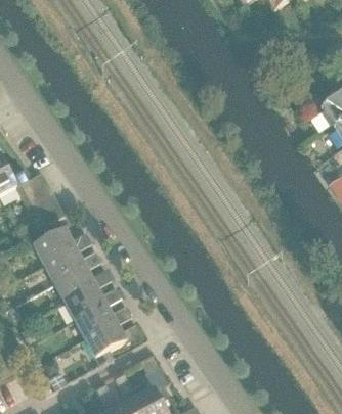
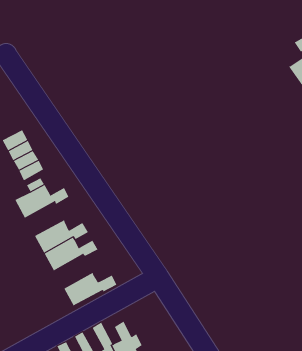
building: [44,245,101,281] -> none
building: [75,301,131,336] -> none

